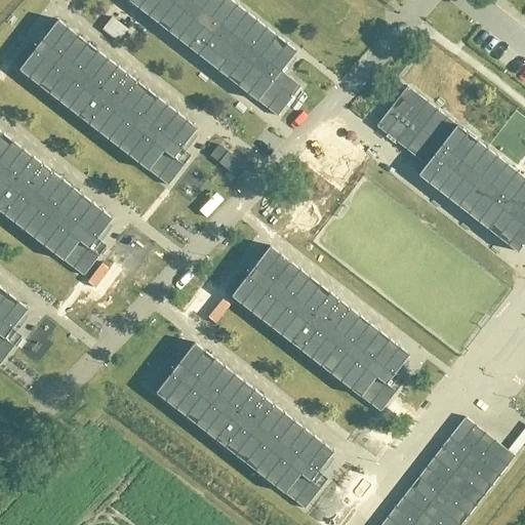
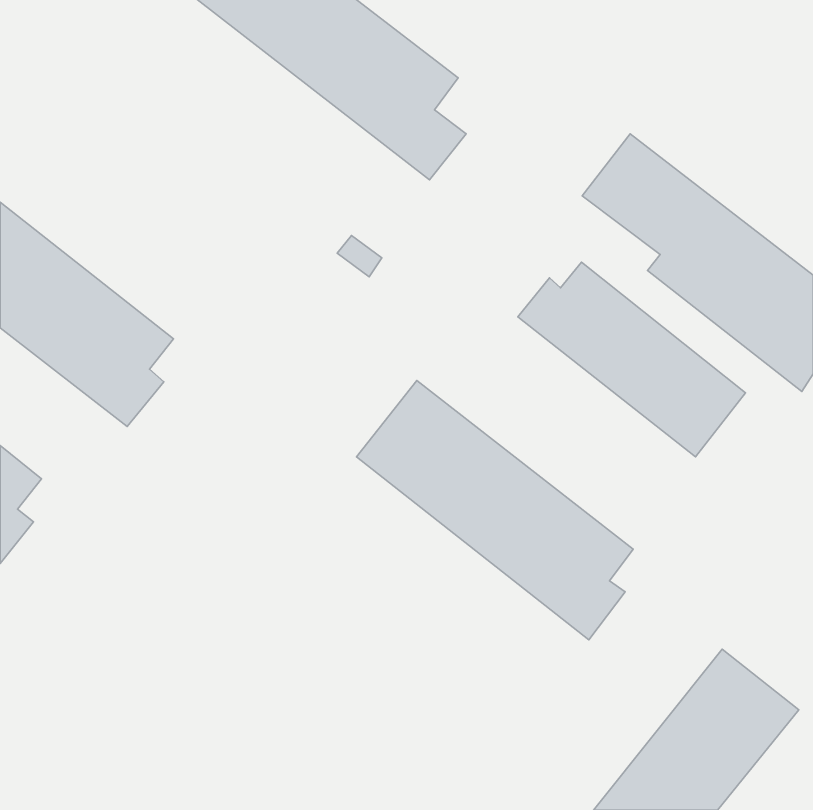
building: [17,19,196,186] -> none
building: none -> [518,262,746,457]
building: [155,342,332,508] -> none

